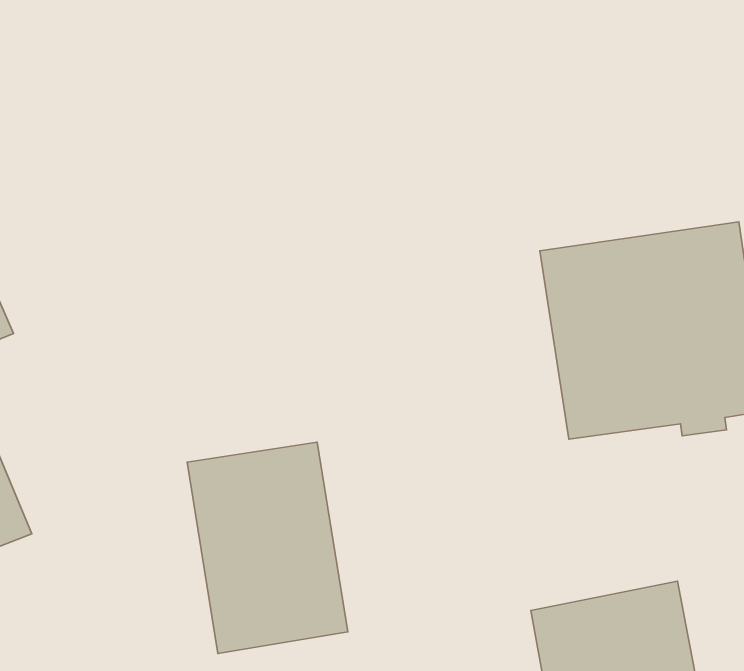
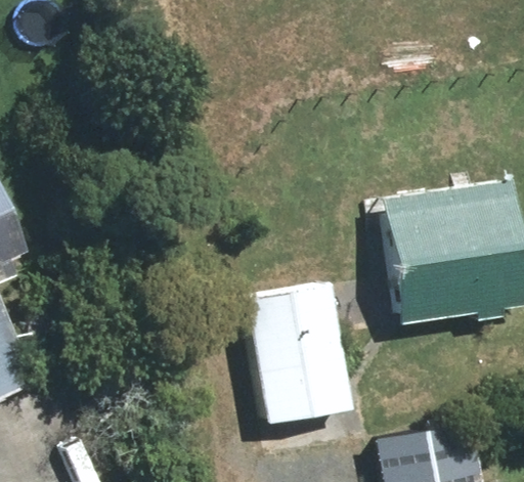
building: [187,442,348,653] -> [245,283,352,425]

